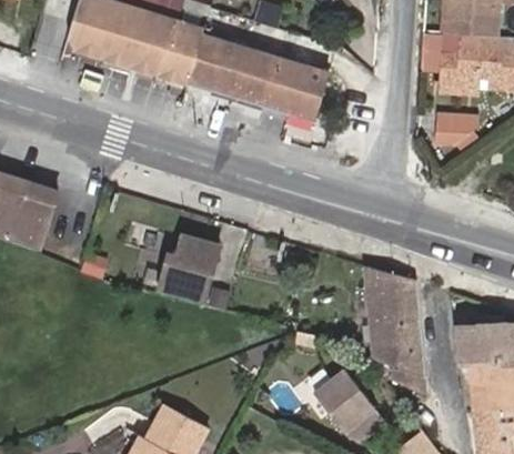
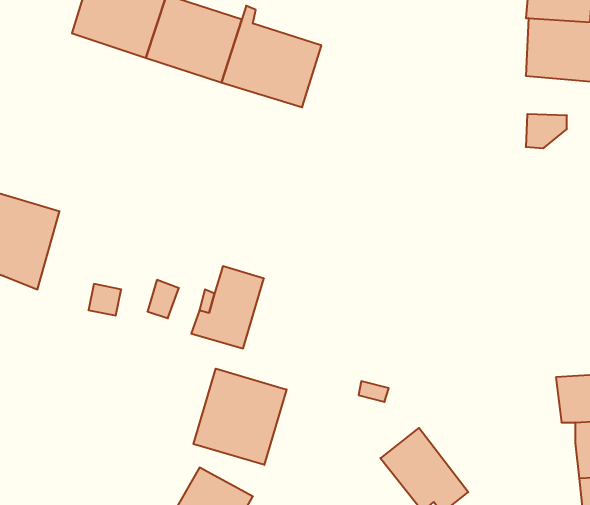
building: [252,57,329,127] -> none
building: [370,264,423,387] -> none
building: none -> [193,369,287,465]

